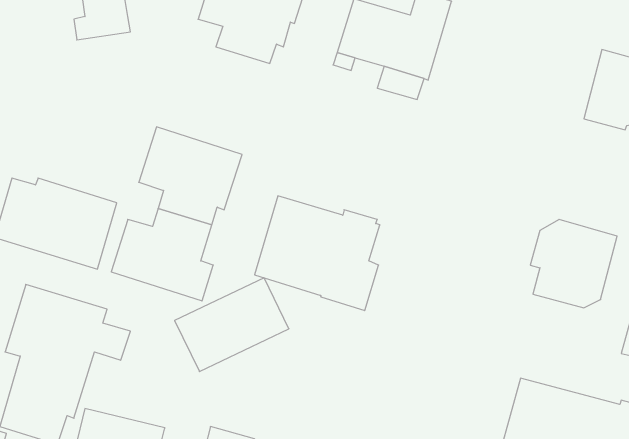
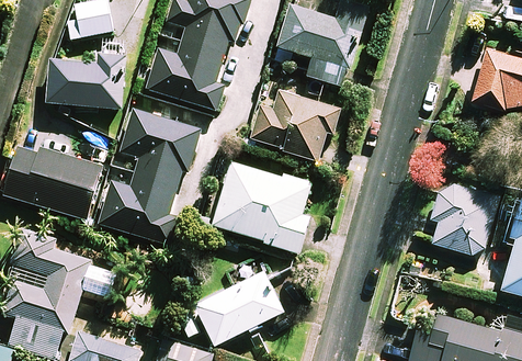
building: none -> [46,43,124,110]
building: none -> [144,44,225,112]
building: none -> [249,91,340,162]
building: [175,278,289,372] -> [193,272,284,347]

